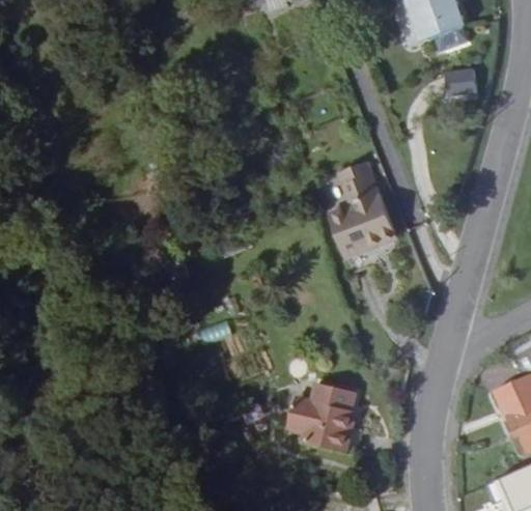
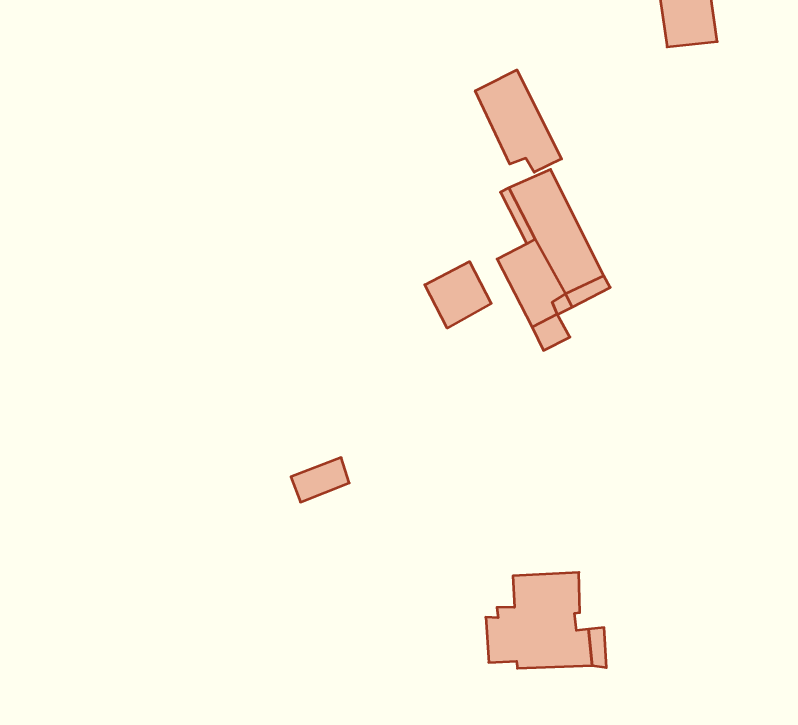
building: none -> [475,70,562,172]
building: none -> [425,262,491,328]

